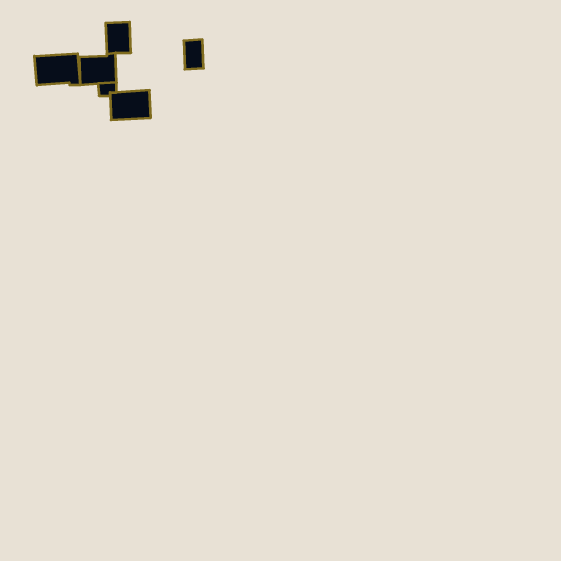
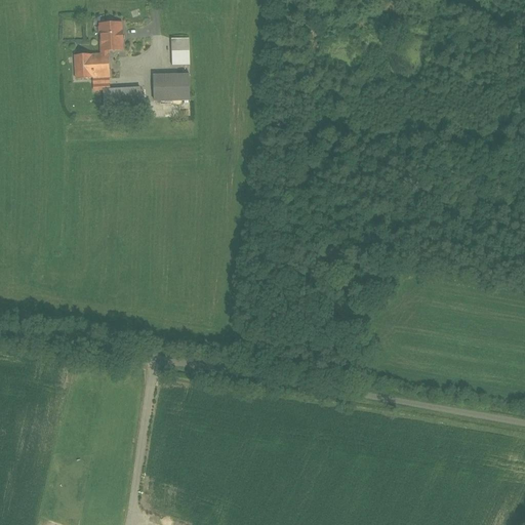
building: [34,54,80,85] -> none
building: none -> [153,70,190,99]

